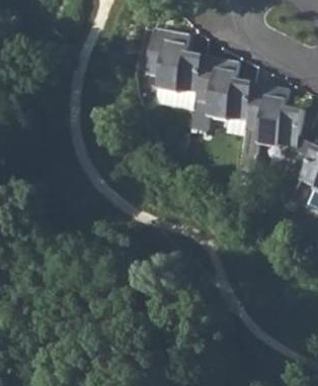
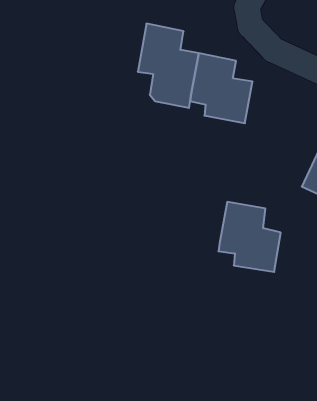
building: [245,83,303,148] -> [218,202,281,272]

